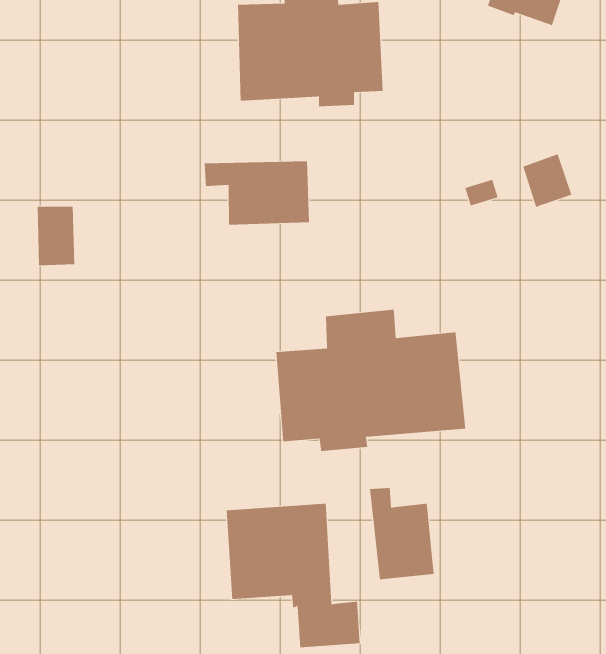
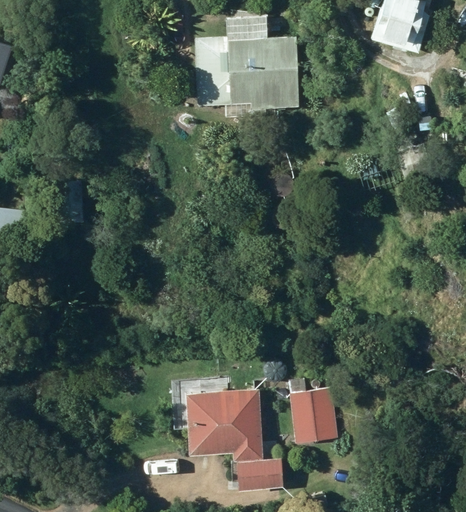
building: [204,161,309,225] -> none
building: [276,309,466,452] -> none

